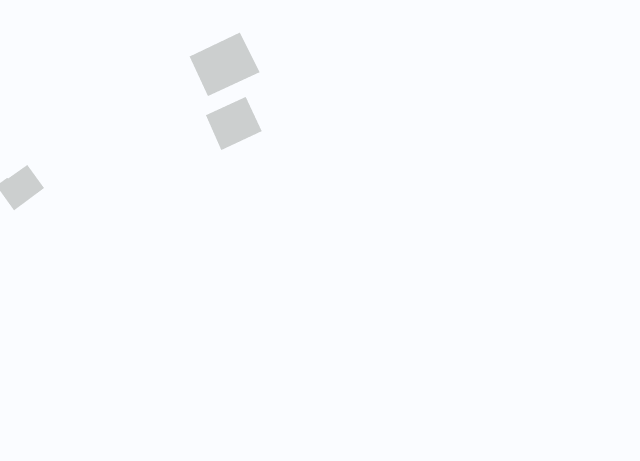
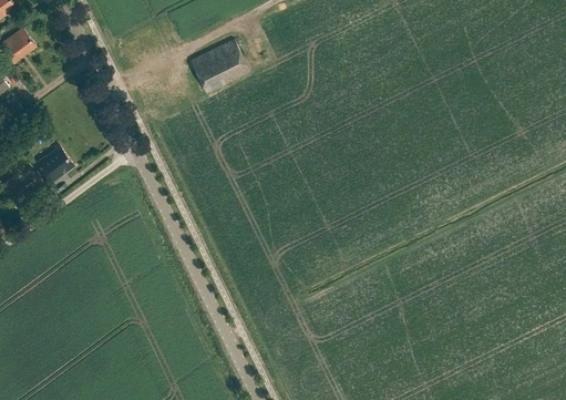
building: [205,96,263,151] -> none

